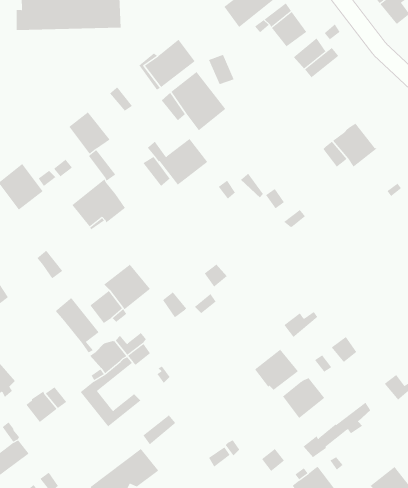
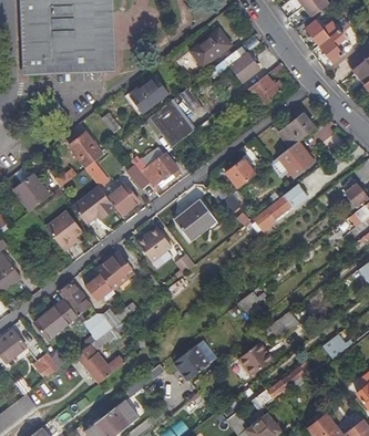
building: none -> [279,112,315,146]
building: none -> [226,158,256,187]
building: none -> [106,184,139,217]
building: none -> [256,184,308,230]
building: none -> [175,200,219,240]
building: none -> [44,211,81,251]
building: none -> [137,227,172,261]
building: none -> [32,299,79,338]
building: [254,349,299,391] -> [174,346,209,380]

